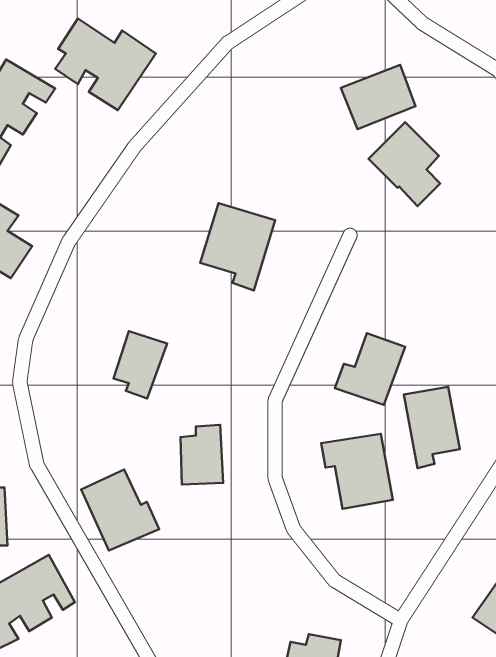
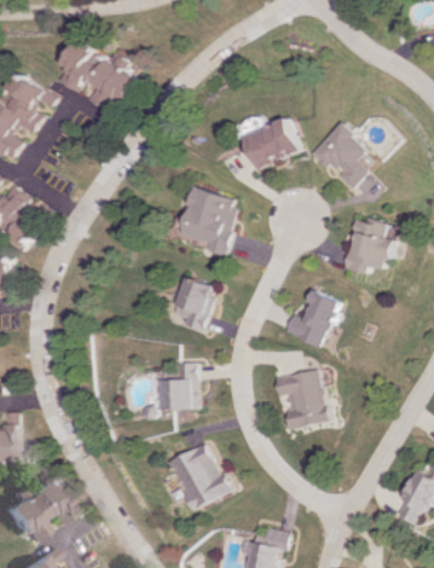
building: [341,65,416,129] -> [239,118,299,169]
building: none -> [342,218,394,274]
building: [114,331,167,398] -> [170,277,213,330]
building: [404,387,460,468] -> none
building: [81,470,159,551] -> [167,445,228,509]

